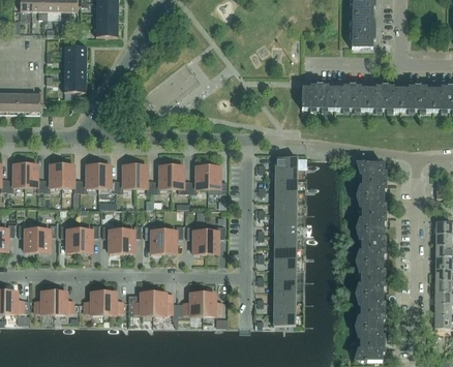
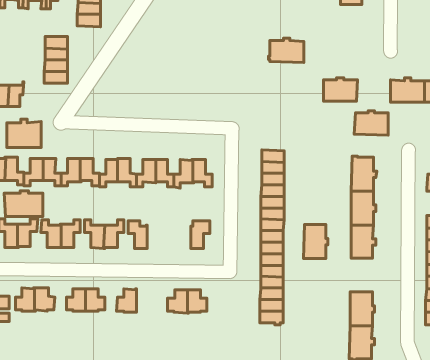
building: [351,14,374,48] -> none
building: [301,85,335,109] -> [269,38,304,63]
building: [367,86,400,110] -> [354,111,388,135]
building: none -> [7,119,41,148]
building: none -> [4,191,43,217]
building: [163,224,183,252] -> none
building: [187,225,206,252] -> none
building: [361,262,385,295] -> [303,225,328,259]
building: [153,292,172,314] -> none

